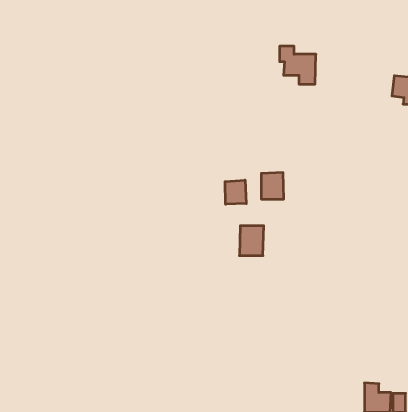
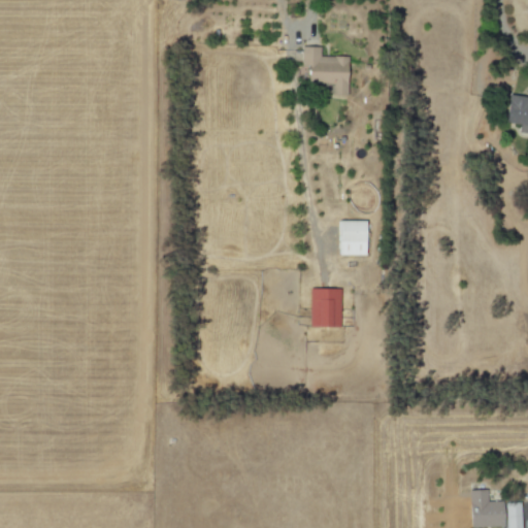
building: [280,46,316,84] -> [304,46,351,95]
building: [225,180,246,204] -> none

